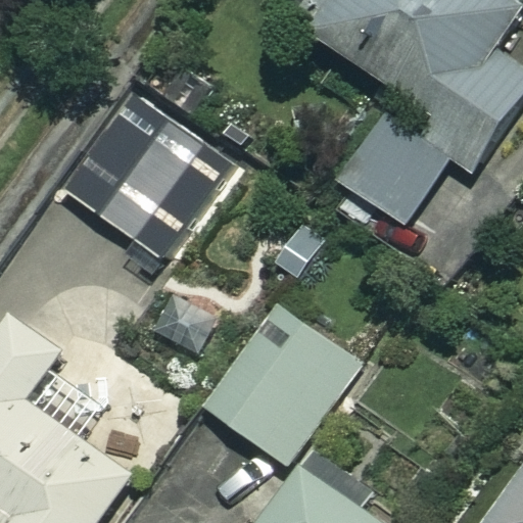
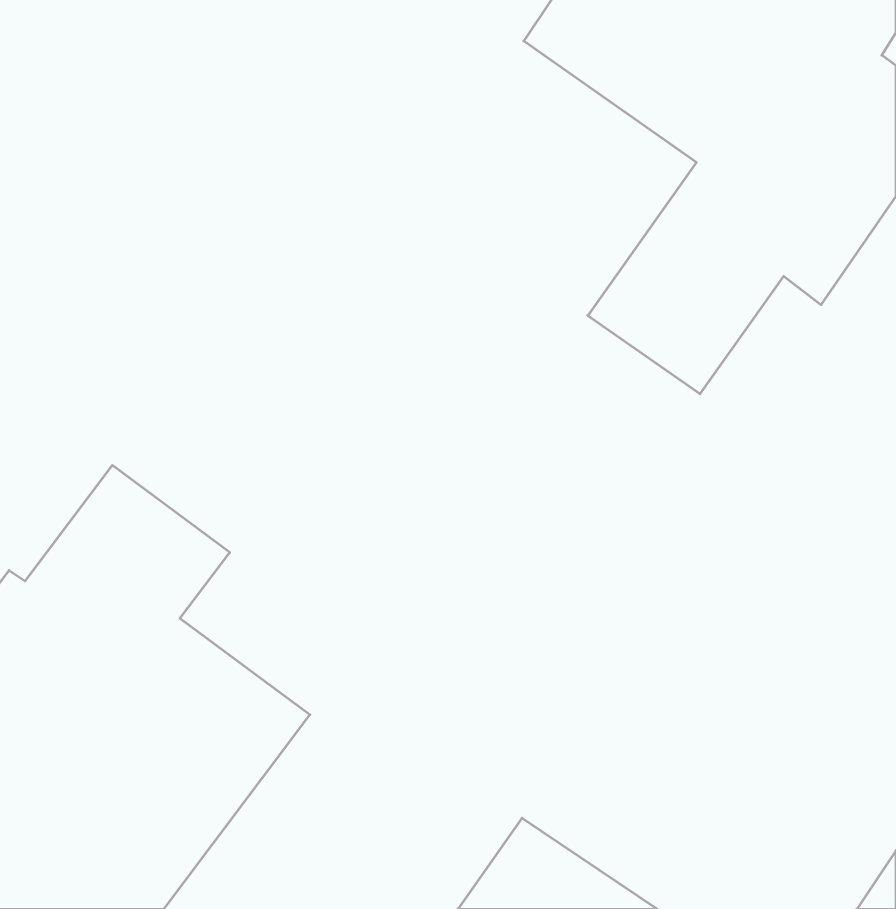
building: [61,99,229,263] -> none
building: [204,307,359,466] -> none

